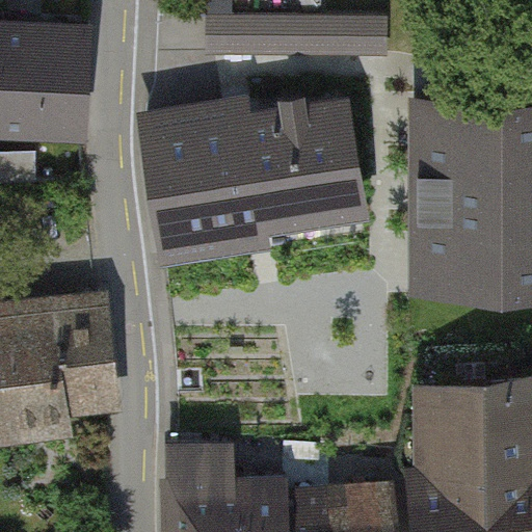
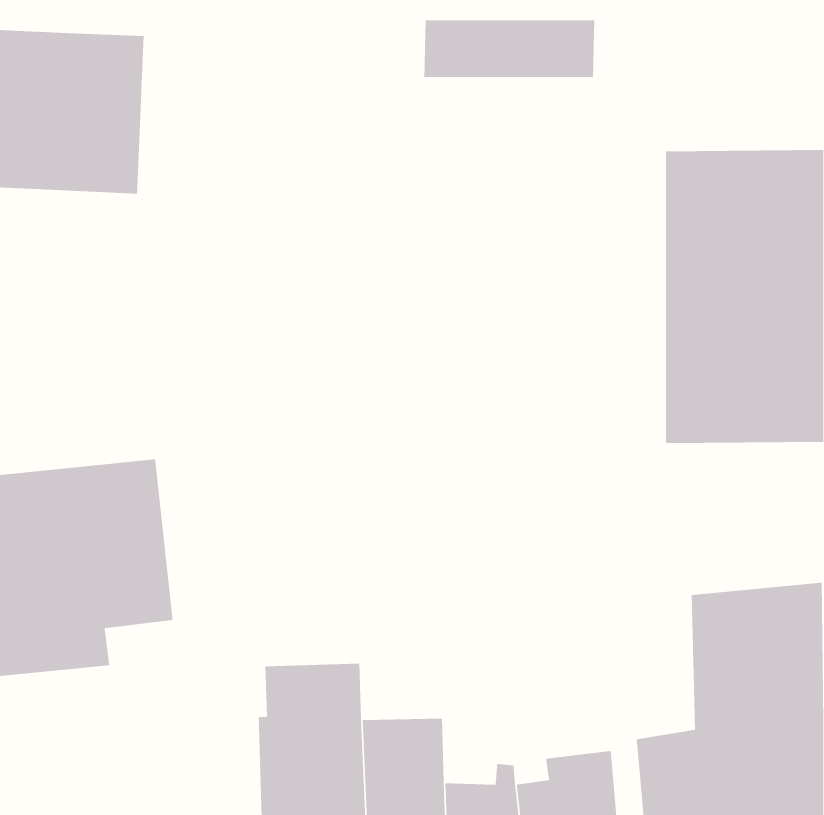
building: [144,108,361,241] -> none

